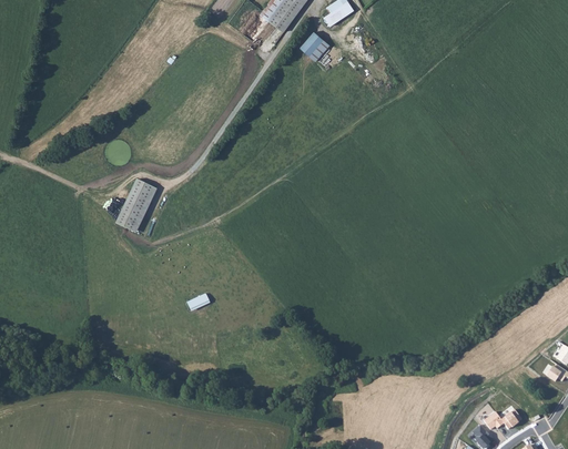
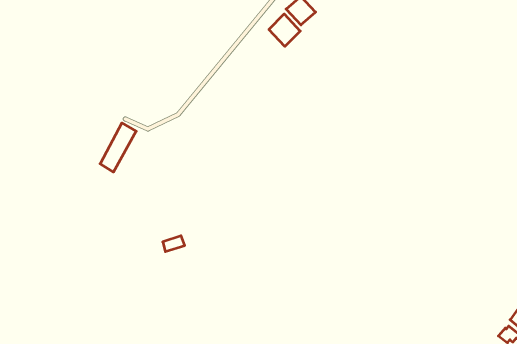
building: none -> [269,14,300,46]

